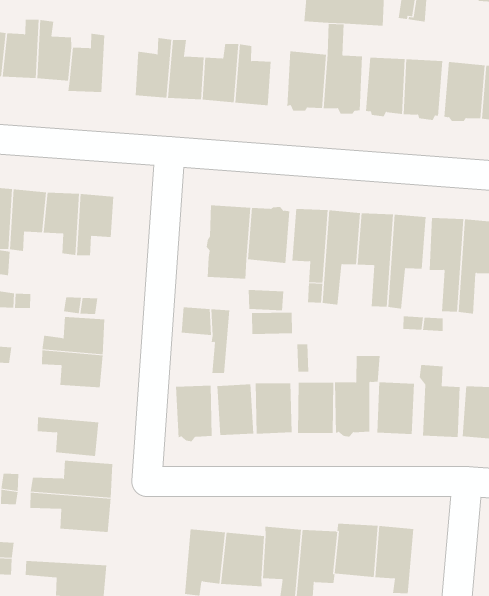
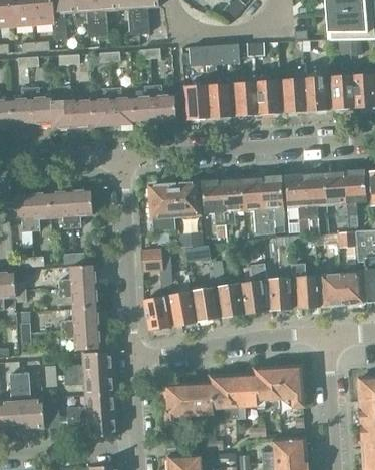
building: none -> [70,91,93,127]
building: none -> [61,307,99,330]
building: none -> [65,394,116,418]

